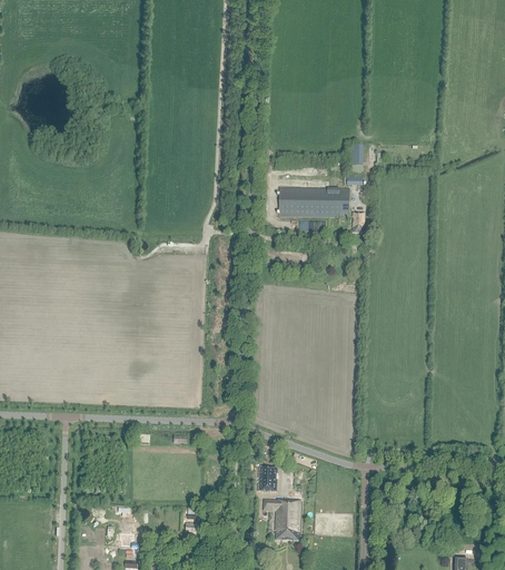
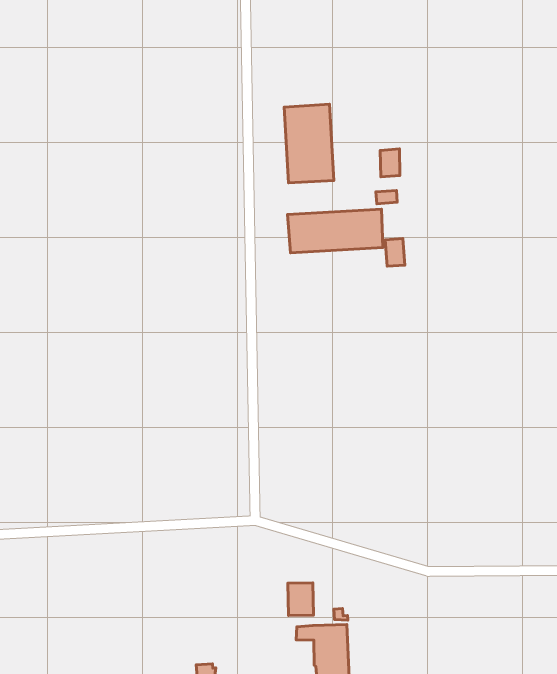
building: none -> [284,104,334,183]

